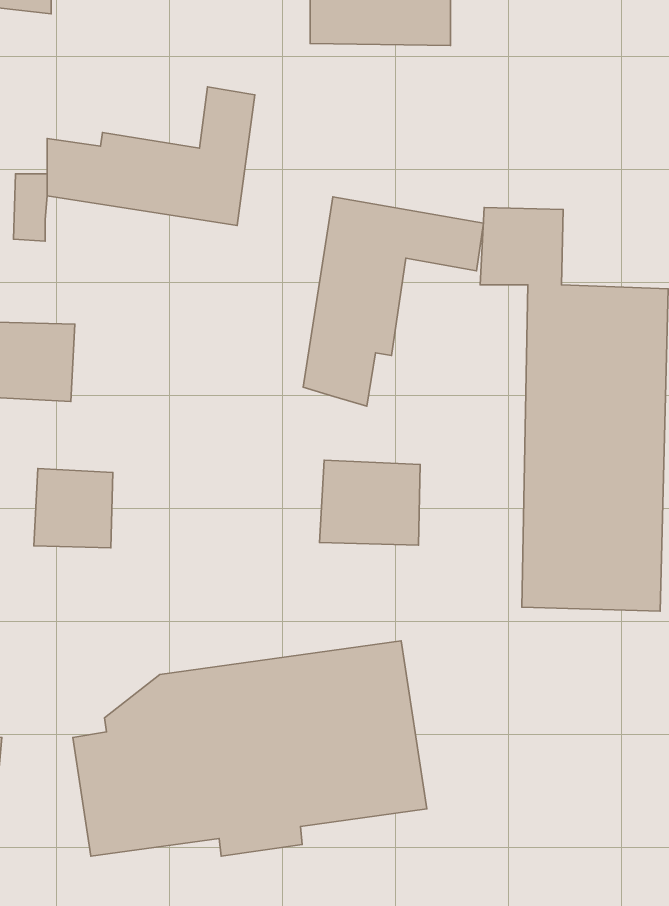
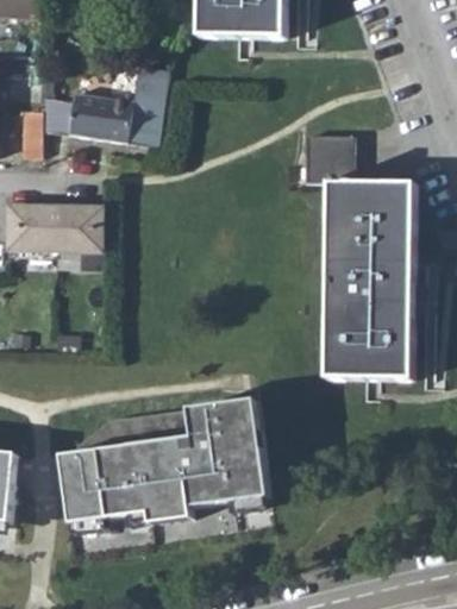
building: [303,197,483,406] -> none
building: [319,460,420,545] -> none
building: [34,469,113,548] -> [55,206,102,253]

